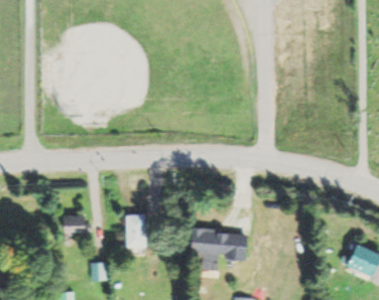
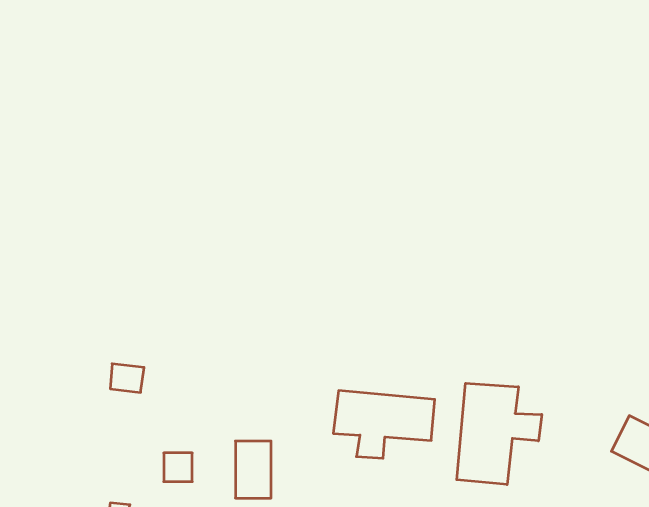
building: [126,214,146,247] -> [235,441,271,498]
building: none -> [457,383,542,485]

